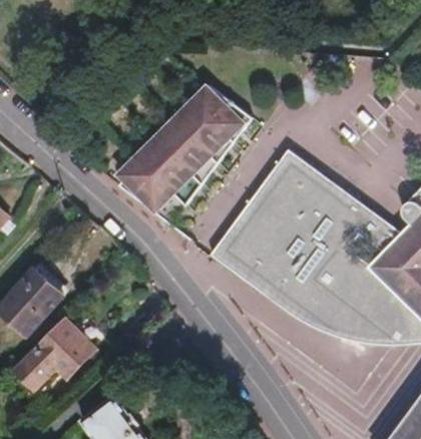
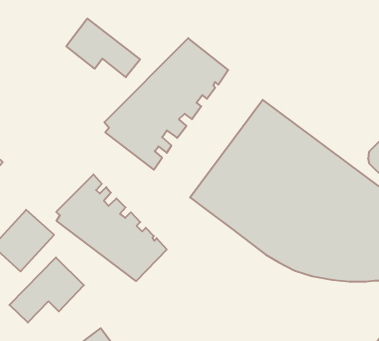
building: none -> [66,19,140,77]
building: none -> [56,174,167,281]

